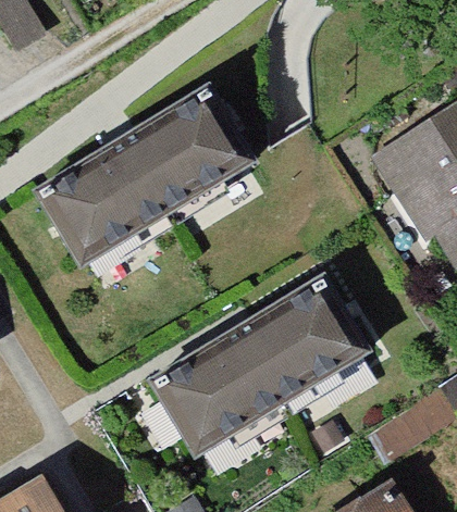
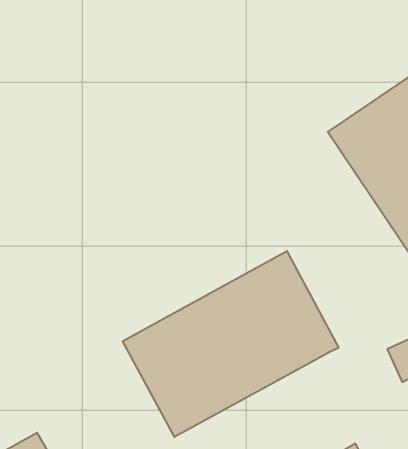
building: [38,96,249,267] -> none

